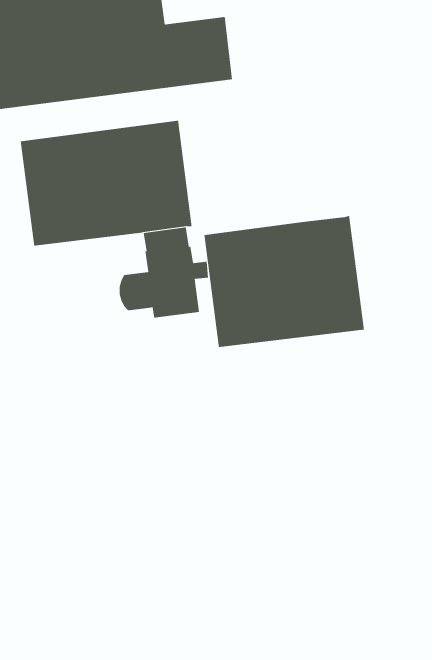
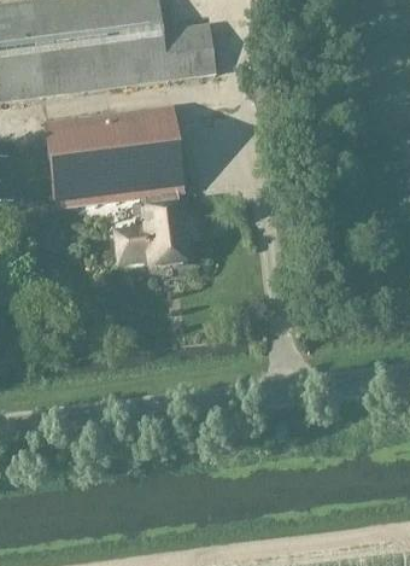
building: [204,215,364,348] -> none

